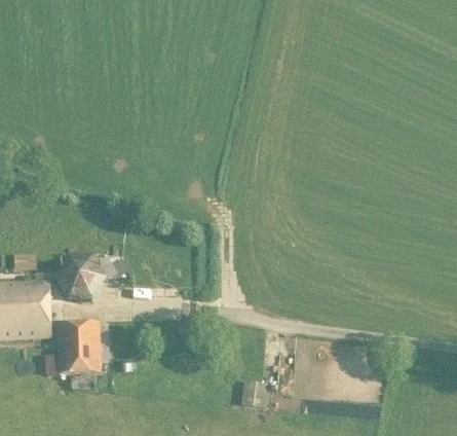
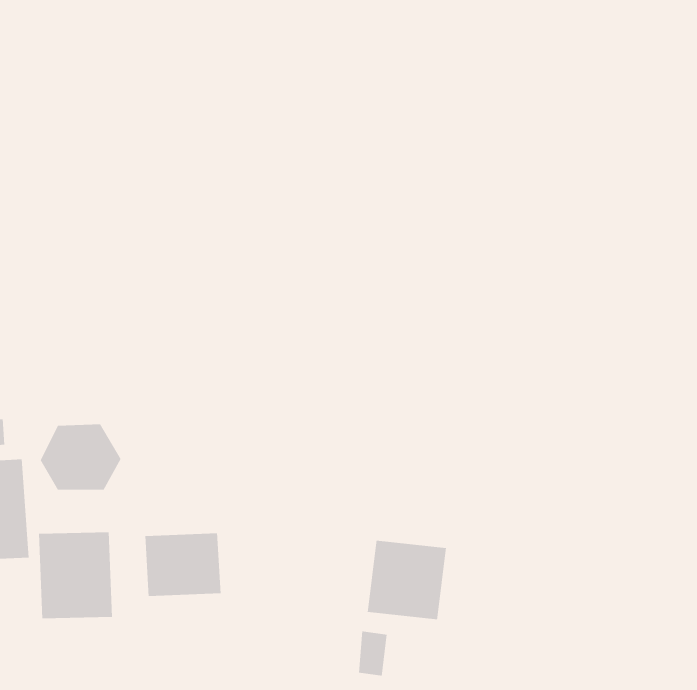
building: none -> [145,533,221,597]
building: none -> [367,540,447,620]

